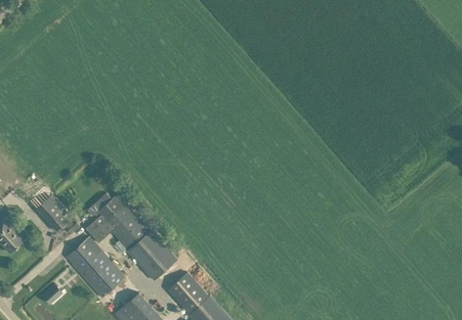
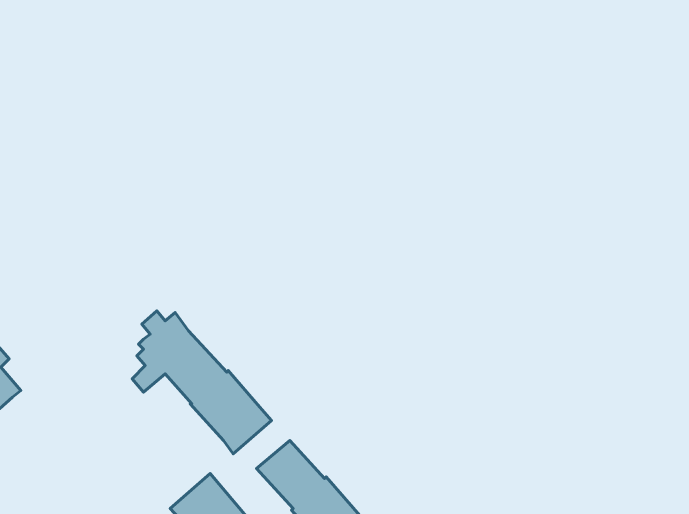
building: [36,194,73,231] -> none
building: [66,236,124,298] -> none

